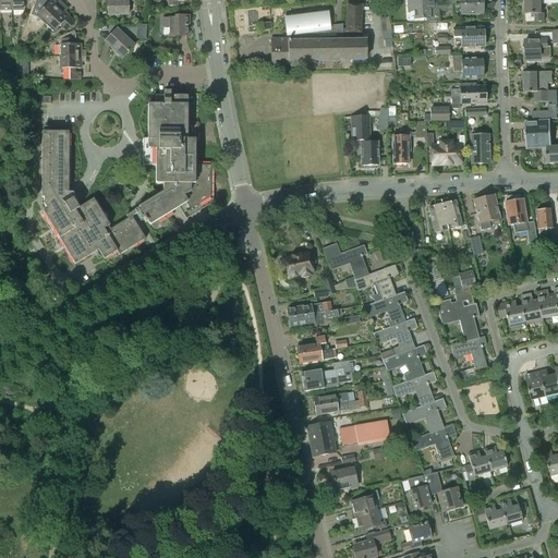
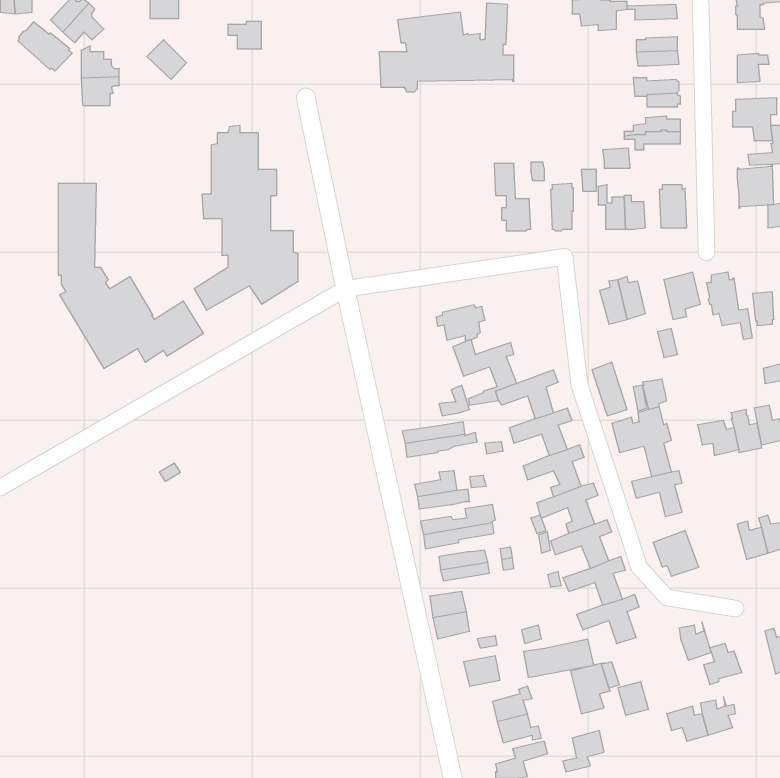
building: none -> [18,22,72,71]
building: [281,252,316,277] -> [436,305,485,340]
building: [340,418,390,446] -> [523,639,594,677]
building: [464,450,492,480] -> [704,643,742,685]

